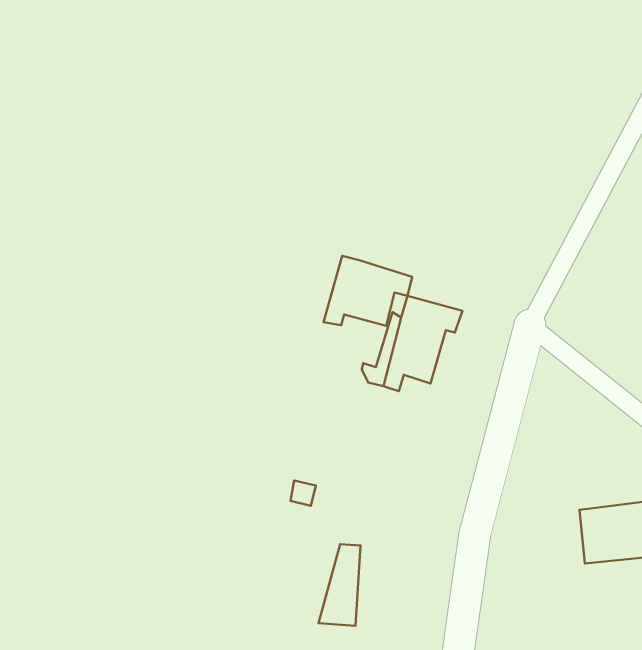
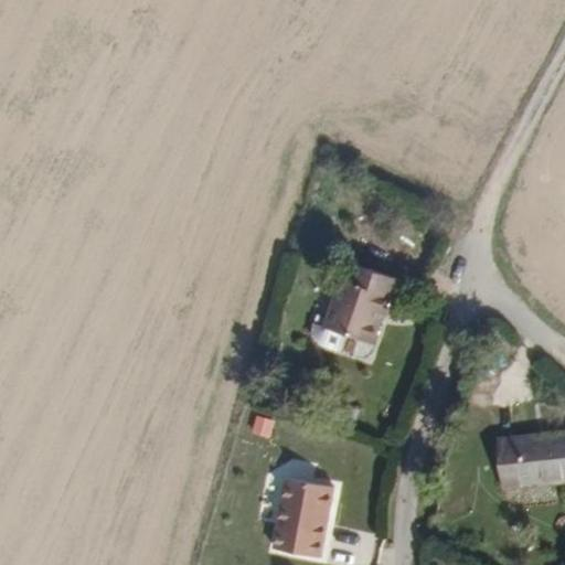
building: [324,256,412,326] -> none
building: none -> [268,470,302,541]

